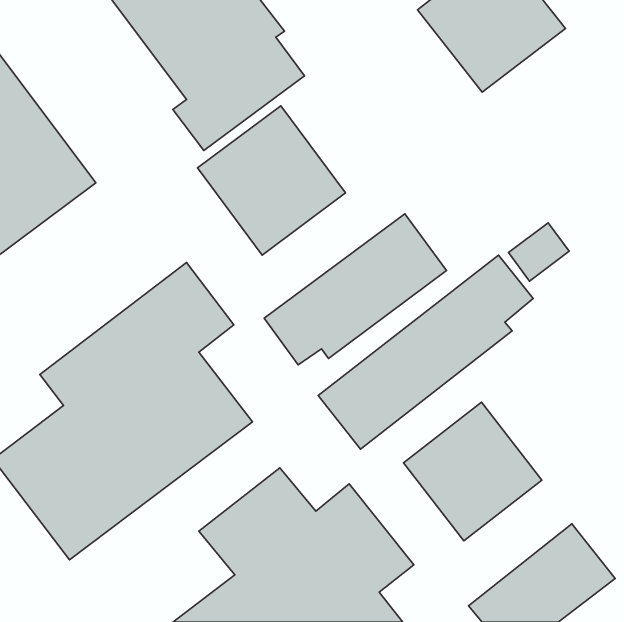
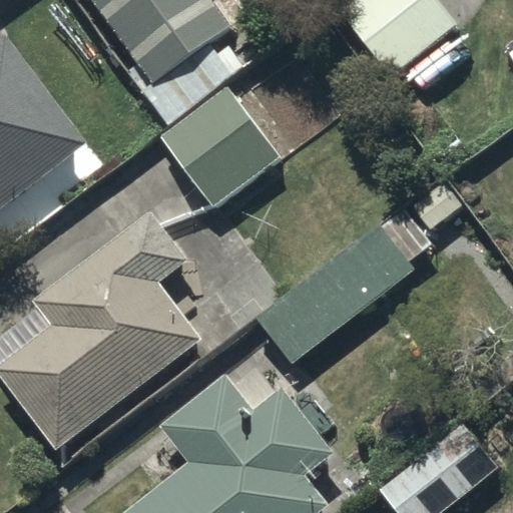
building: [264,214,447,365] -> none
building: [403,402,542,541] -> none

